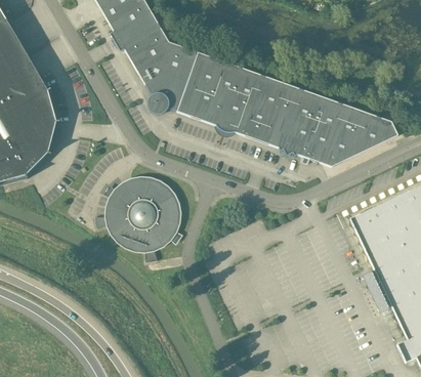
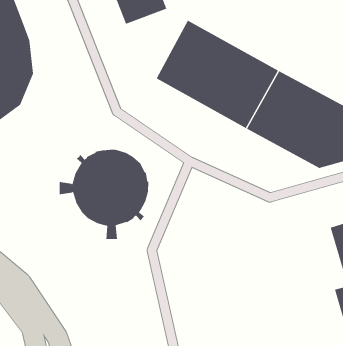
building: [132,42,188,115] -> none

